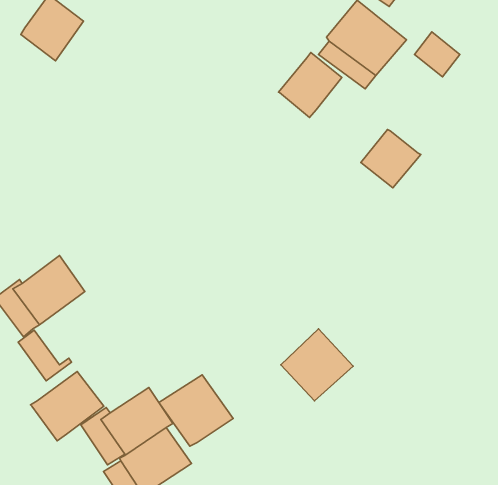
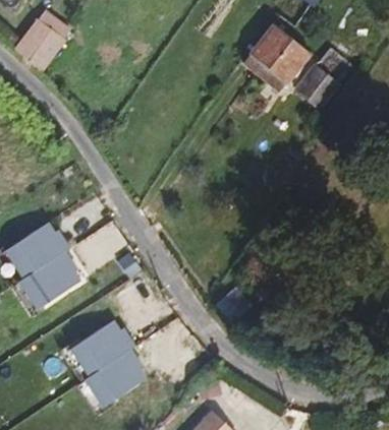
building: [278,52,342,117] -> none
building: [361,129,421,188] -> [295,63,341,108]
building: [31,371,104,441] -> [26,248,82,301]
building: [159,375,233,446] -> none

